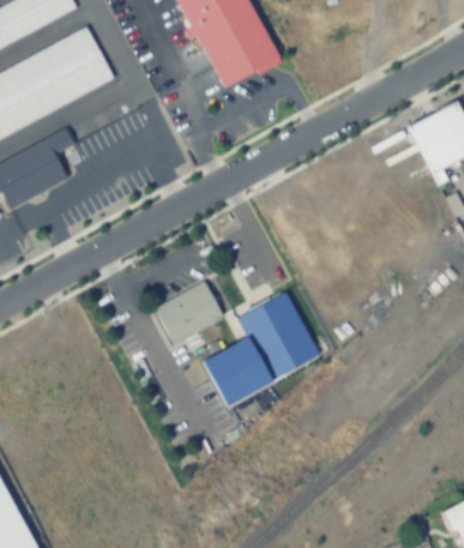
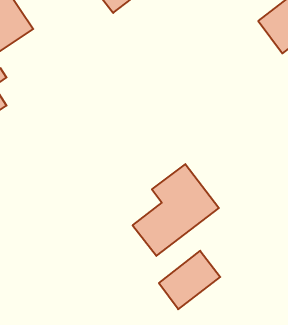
building: [153,281,221,343] -> none
building: none -> [159,251,220,309]

